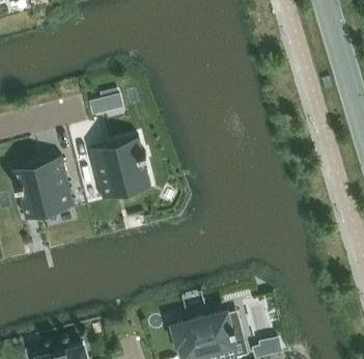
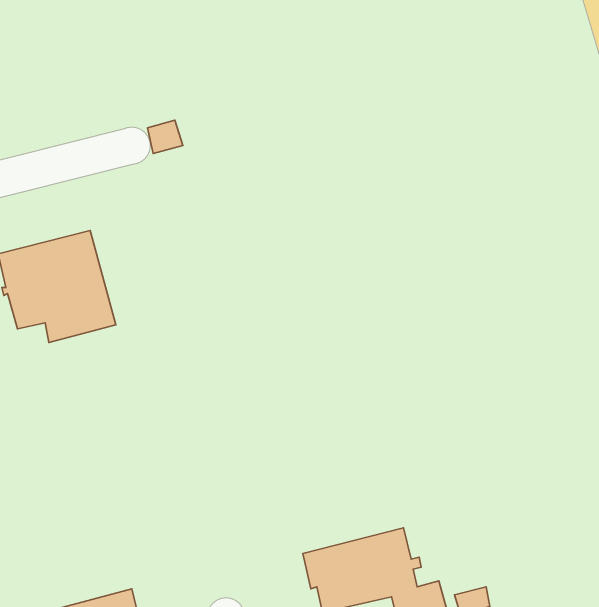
building: [89,136,150,198] -> none

